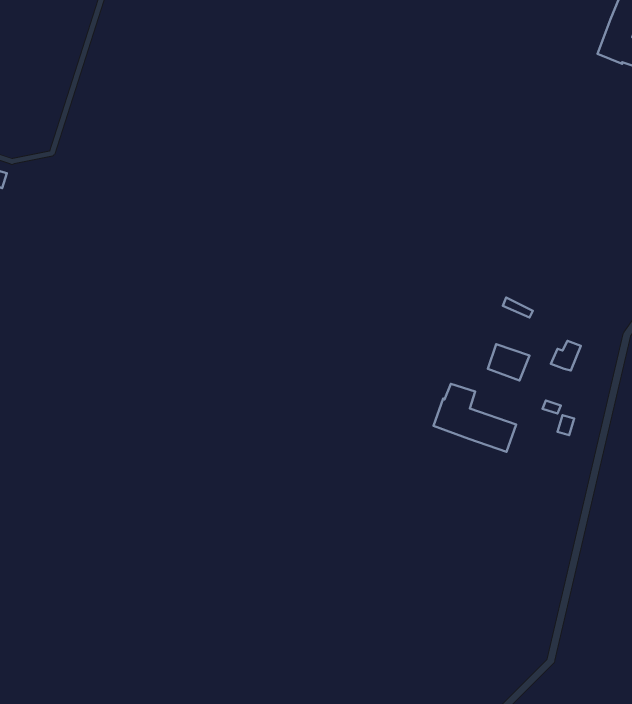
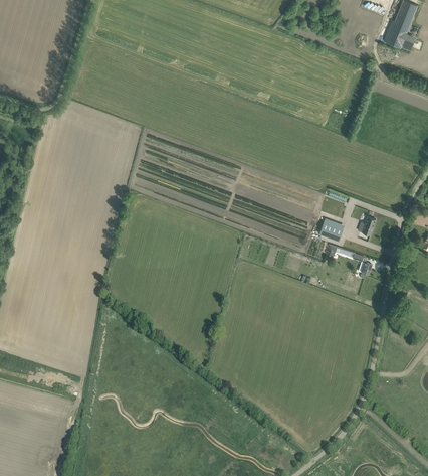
building: [434,384,516,452] -> none

